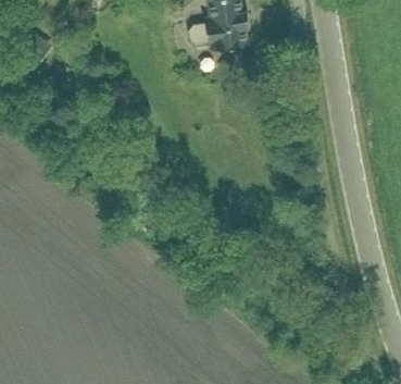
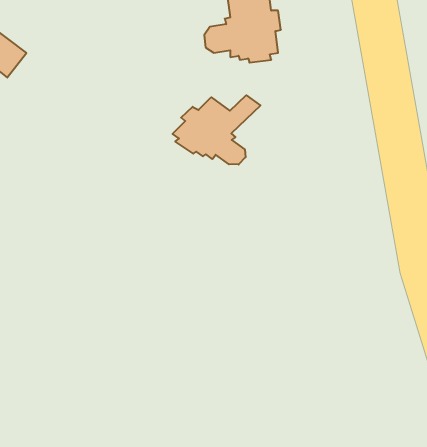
building: none -> [173,95,260,165]

